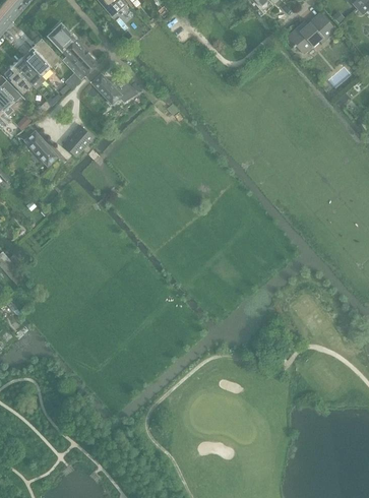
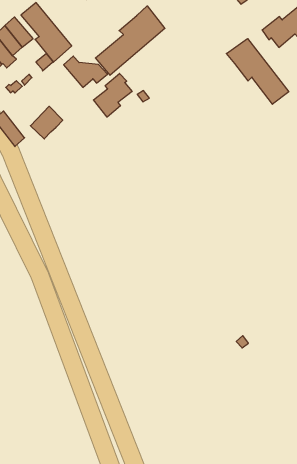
building: none -> [95,6,165,75]
building: none -> [226,39,289,104]
building: none -> [93,73,132,117]

